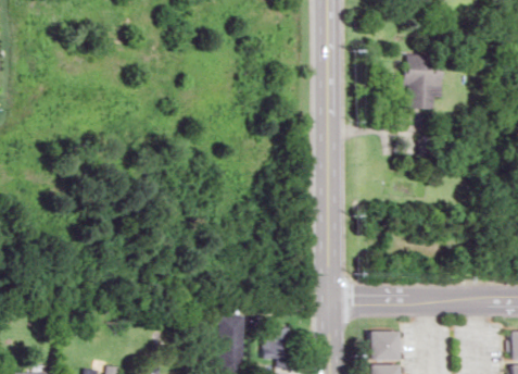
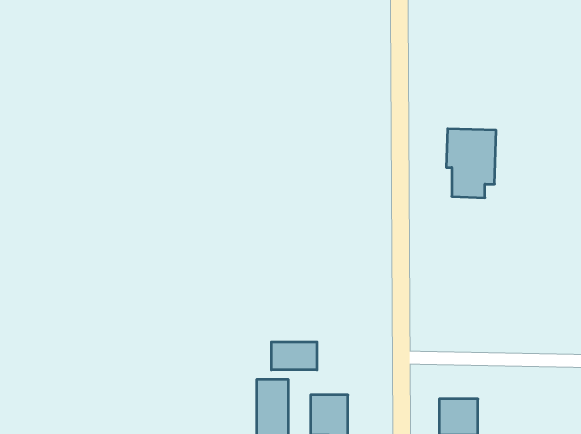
building: [405,54,444,109] -> [446,129,496,198]
building: none -> [271,342,317,370]

